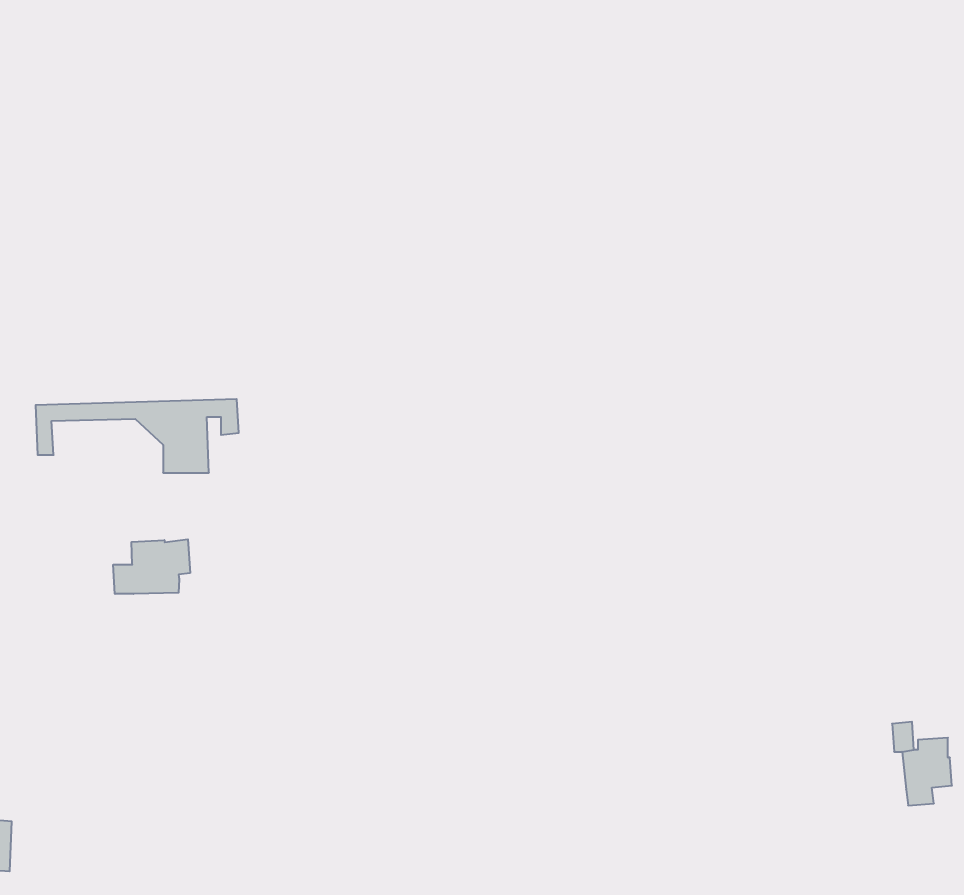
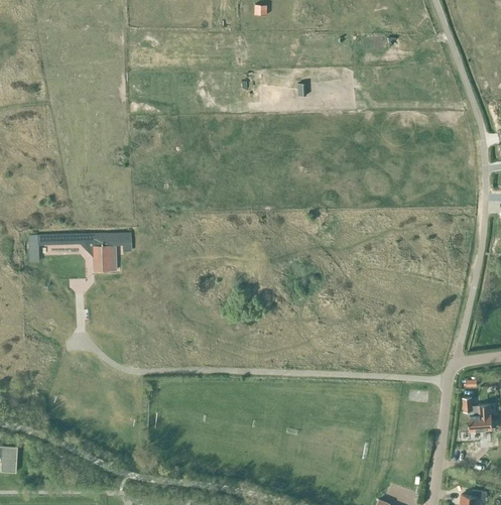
building: [113,539,190,594] -> none

